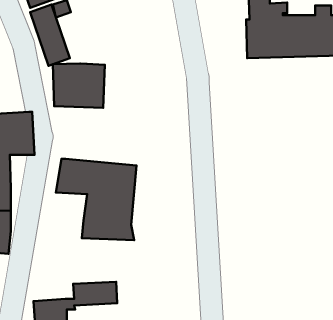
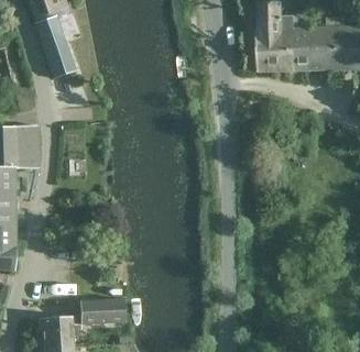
building: [53,63,105,108] -> none
building: [56,159,137,240] -> none

